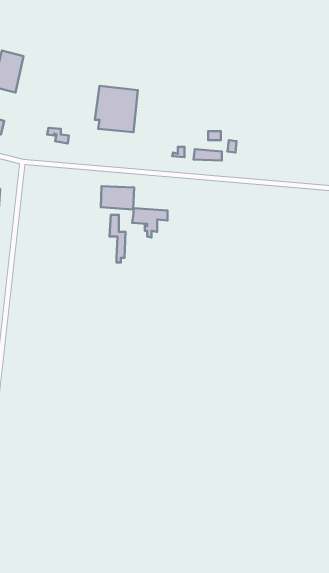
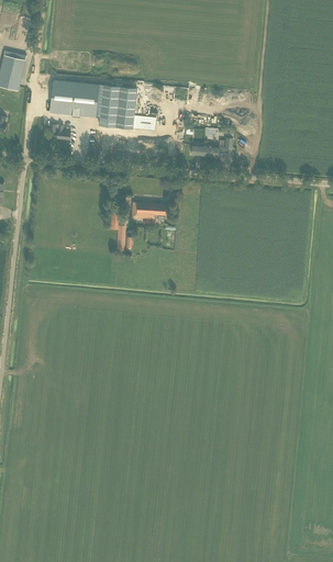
building: none -> [48,79,99,116]
building: [101,186,134,210] -> none

